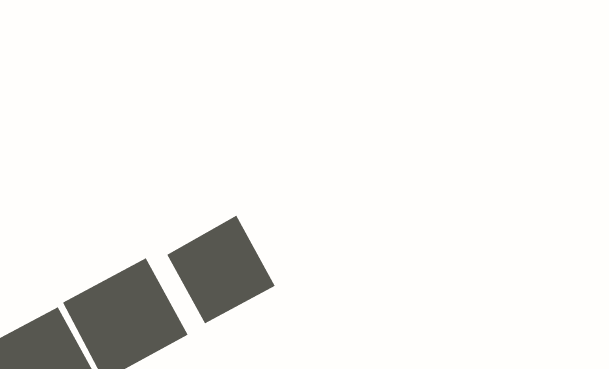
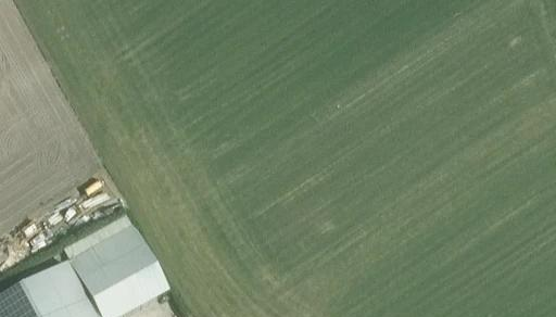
building: [166,215,275,324] -> none

